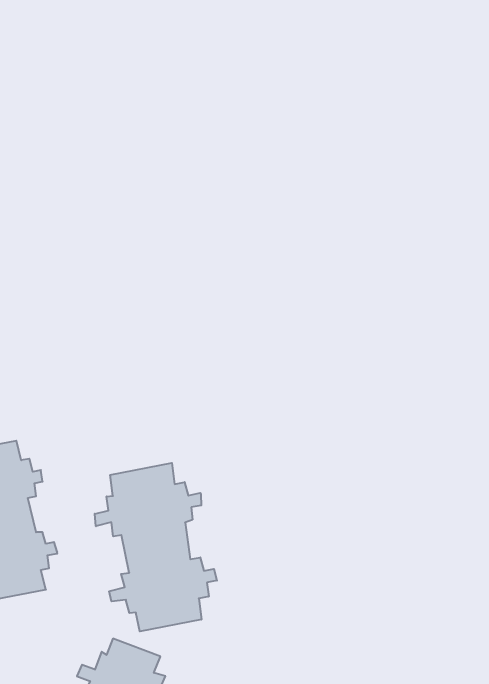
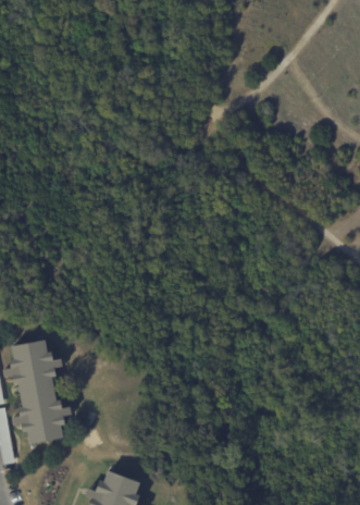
building: [95,463,217,631] -> none

